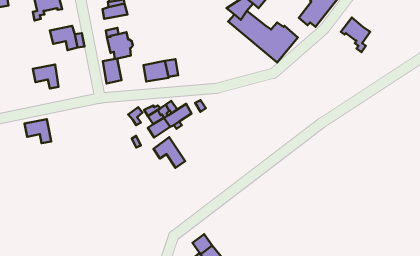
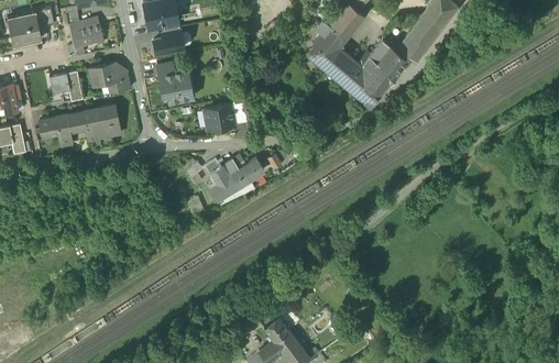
building: none -> [370,42,407,77]
building: [341,17,370,52] -> none
building: none -> [50,70,84,100]
building: [103,59,122,84] -> [96,107,119,138]
building: [25,119,51,143] -> [41,116,74,145]
building: [153,137,185,168] -> none

